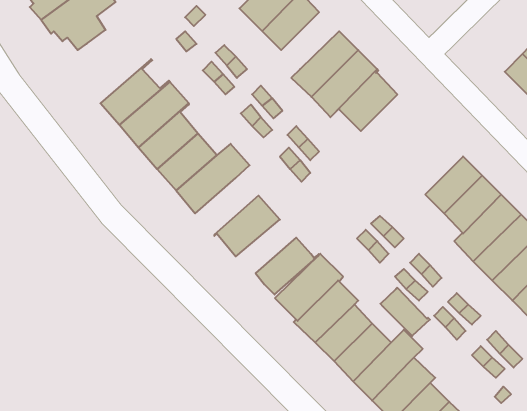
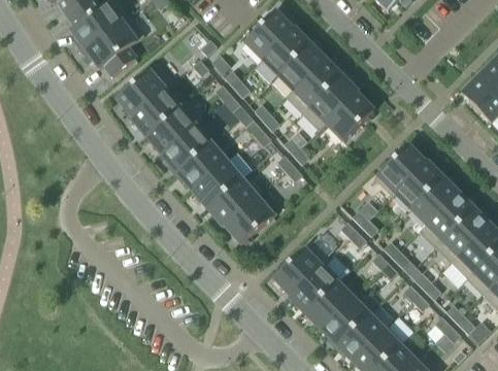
building: none -> [278,44,326,91]
building: none -> [117,63,172,119]
building: none -> [374,145,427,195]
building: [256,238,319,295] -> [208,179,260,226]
building: [380,288,430,336] -> none

